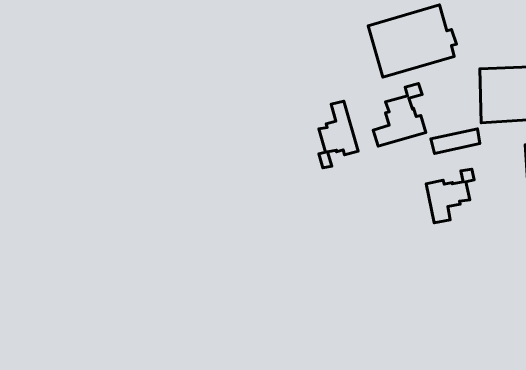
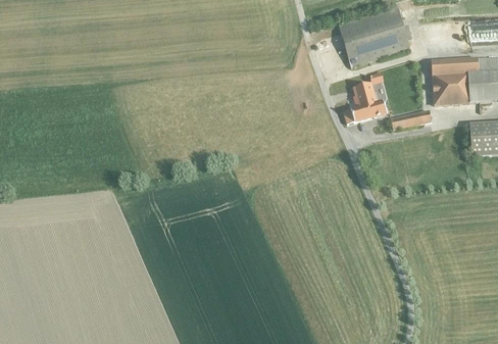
building: [319,101,358,168] -> none
building: [426,169,474,223] -> none

